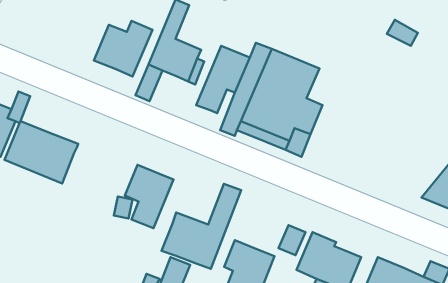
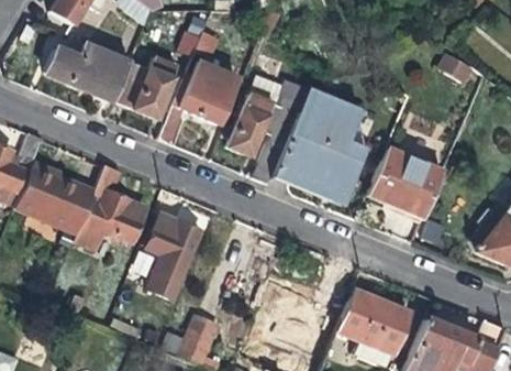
building: none -> [47,41,131,101]
building: none -> [369,148,444,219]
building: none -> [76,165,148,251]
building: [161,184,241,269] -> none

